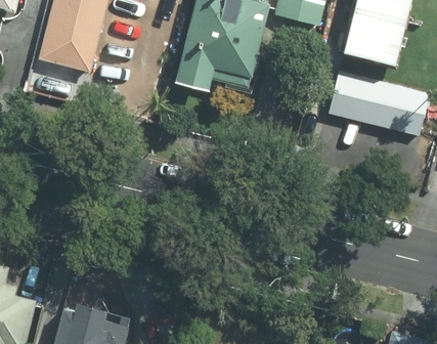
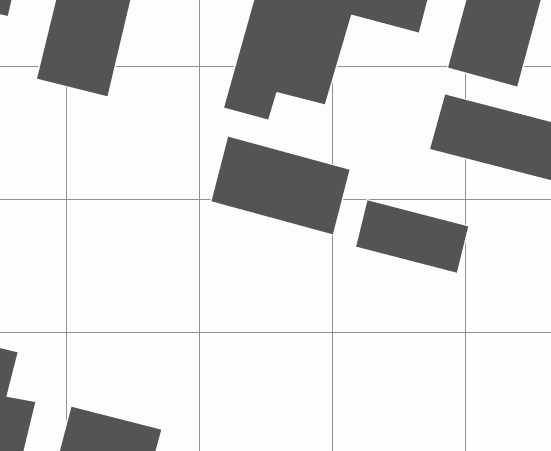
building: none -> [211,136,350,235]
building: none -> [355,200,469,273]

